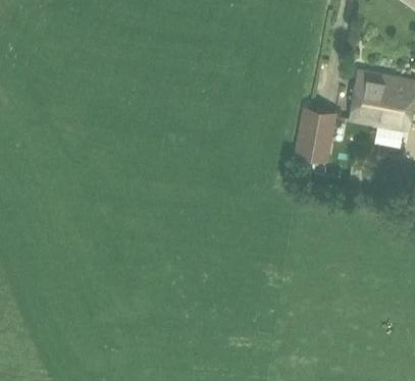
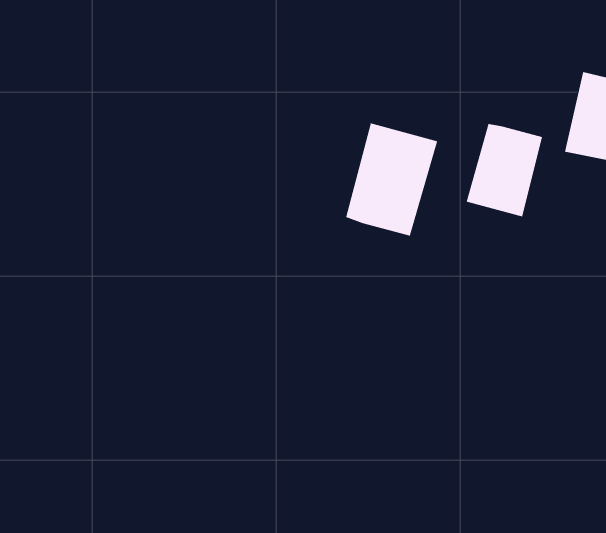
building: none -> [345,123,438,237]

